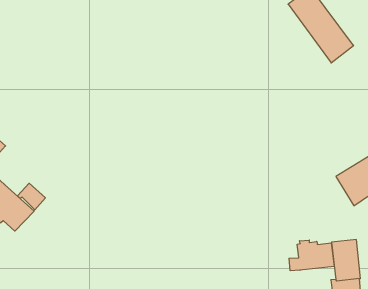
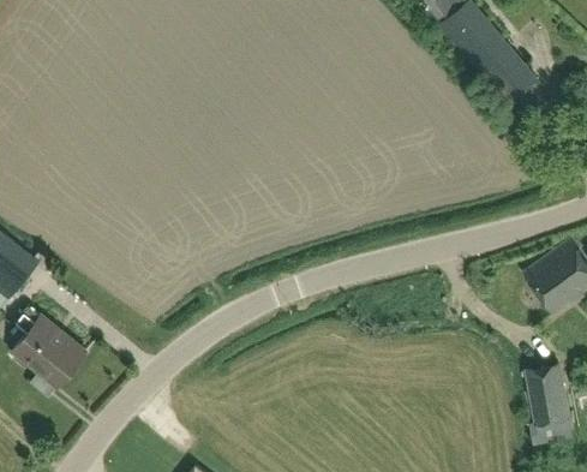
building: [17,183,45,210] -> none
building: [289,240,334,271] -> none

